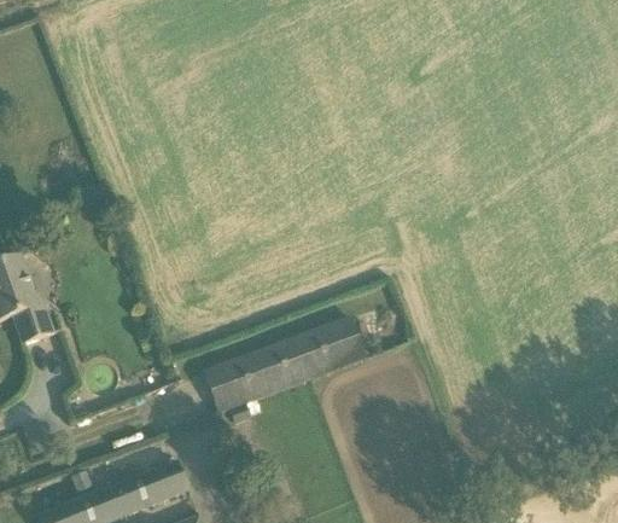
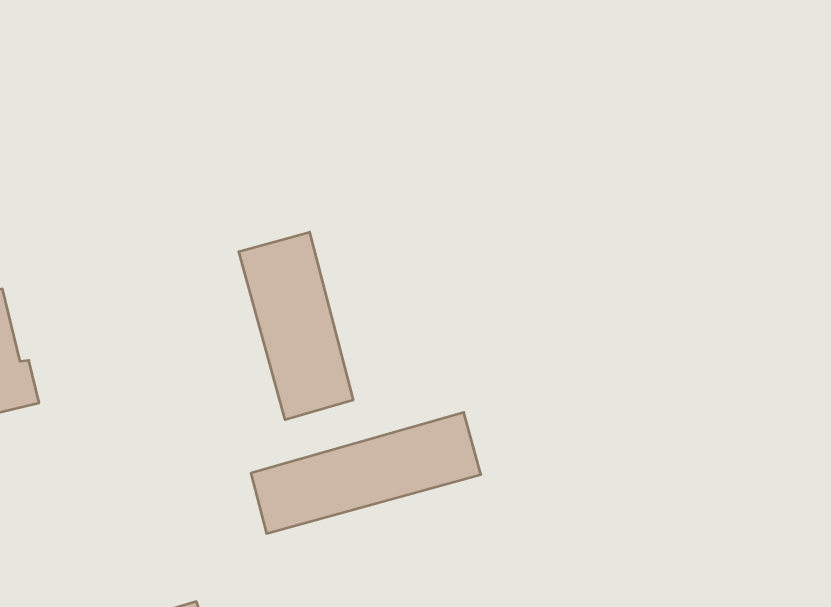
building: none -> [239,232,353,420]

